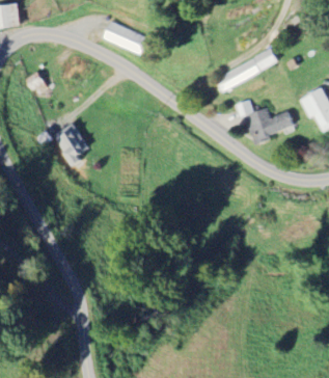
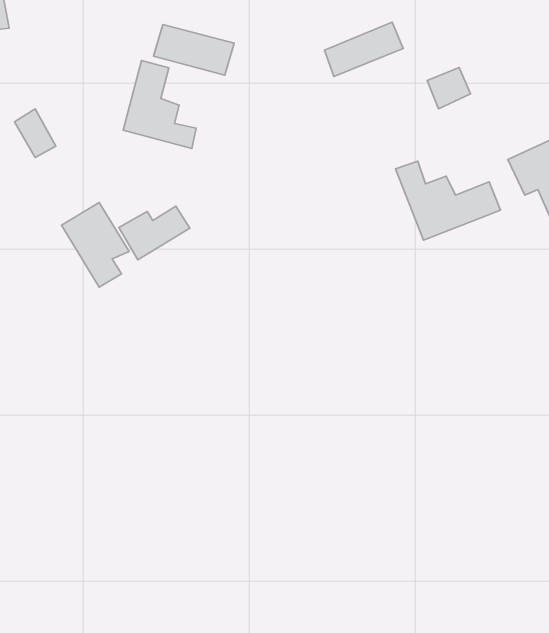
building: none -> [123,61,196,148]
building: [216,59,259,89] -> [325,22,403,77]
building: none -> [119,206,190,260]

